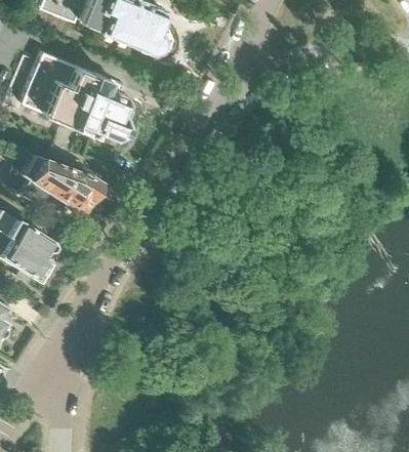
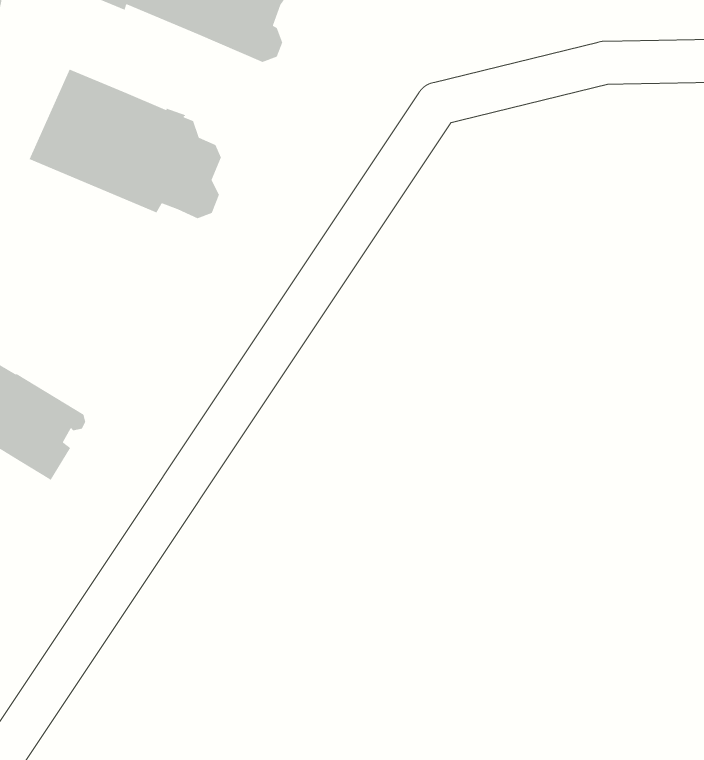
building: [15,156,99,220] -> none

